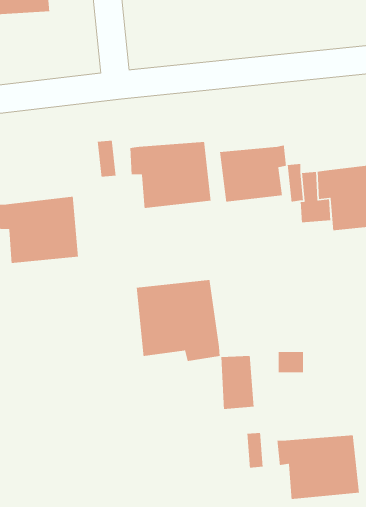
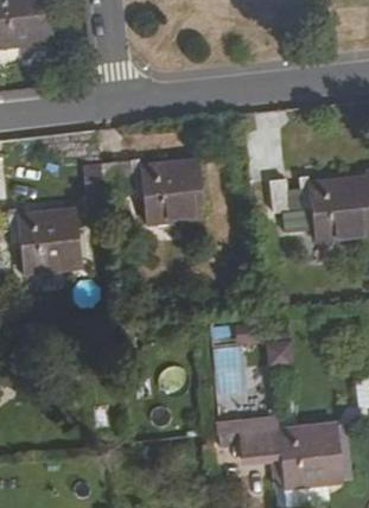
building: [219,145,287,202] -> none
building: [136,279,221,362] -> none

